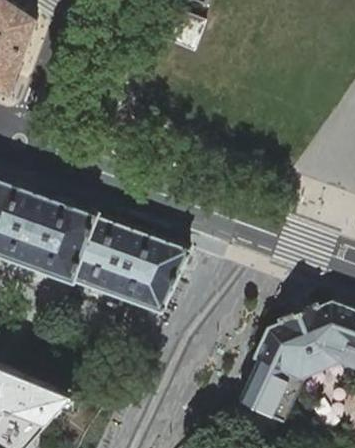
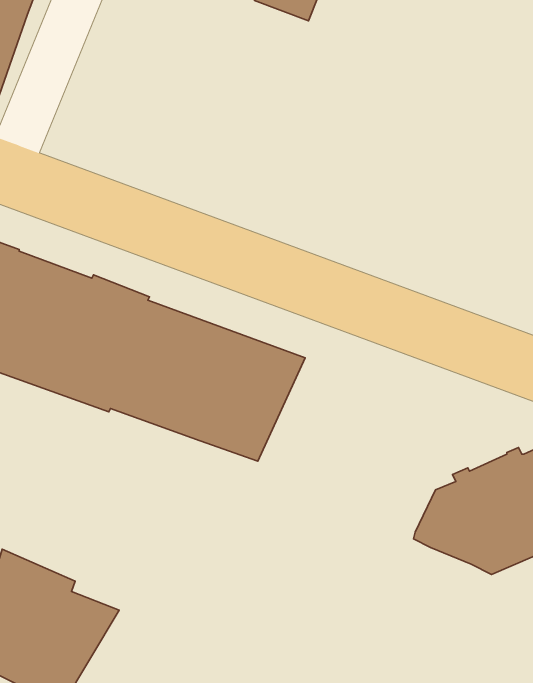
building: [235,358,299,420] -> none

